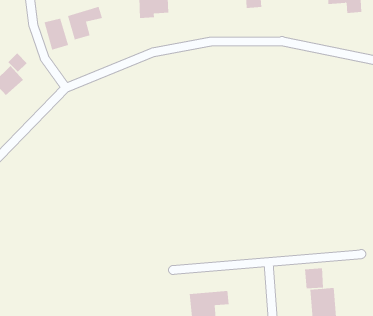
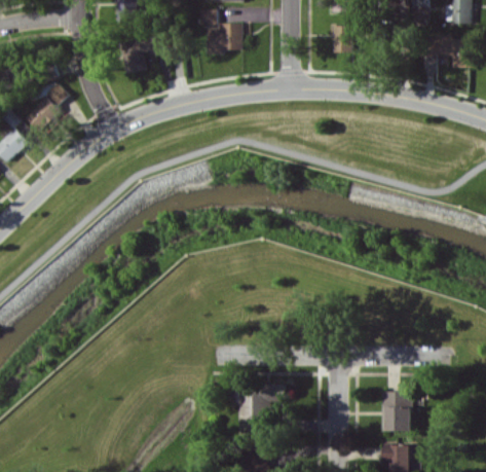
building: [44,18,69,50] -> none
building: [304,268,323,289] -> none

